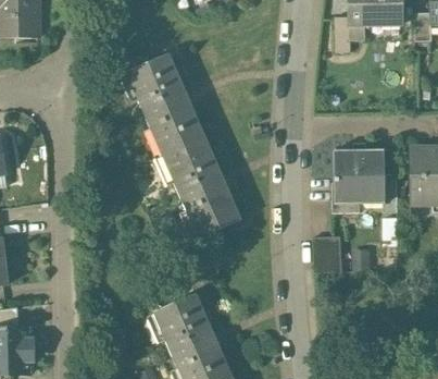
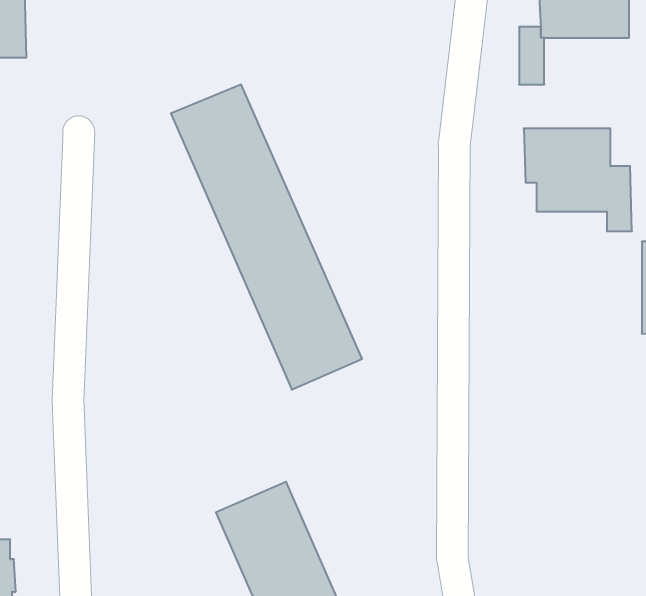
building: [333,150,398,212] -> [524,128,632,231]
building: [313,237,340,273] -> none

